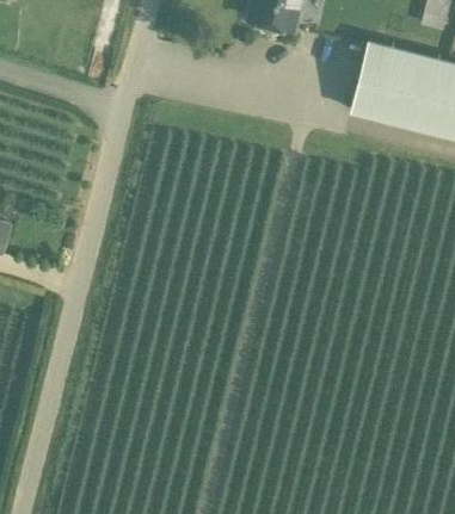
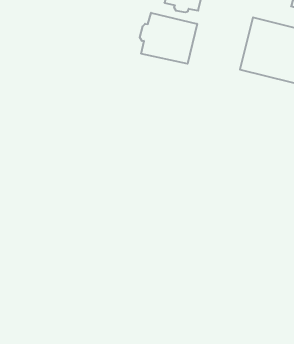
building: none -> [140,13,197,64]

